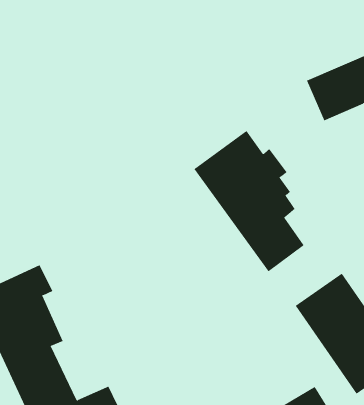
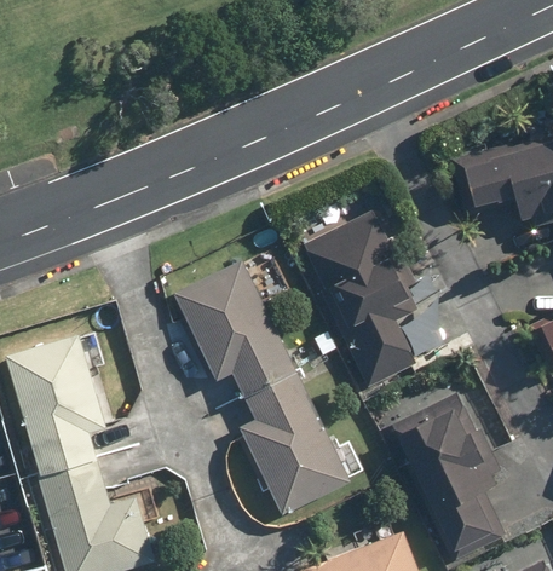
building: none -> [174,255,296,397]
building: none -> [240,380,364,512]

